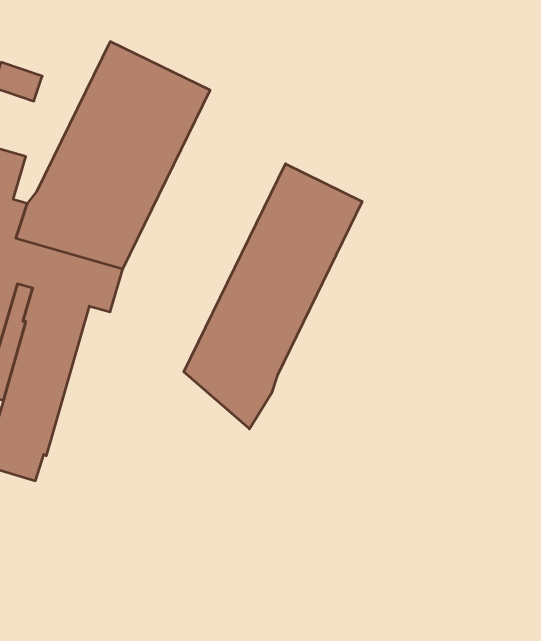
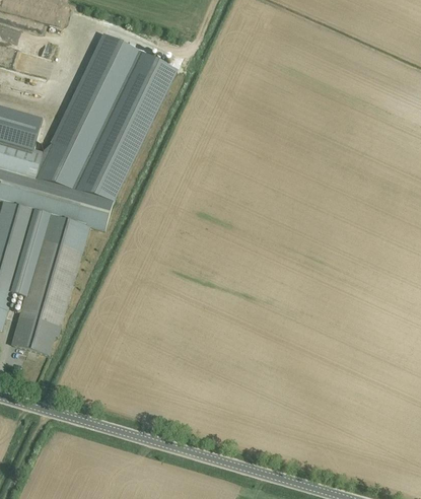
building: [184,164,362,429] -> none

